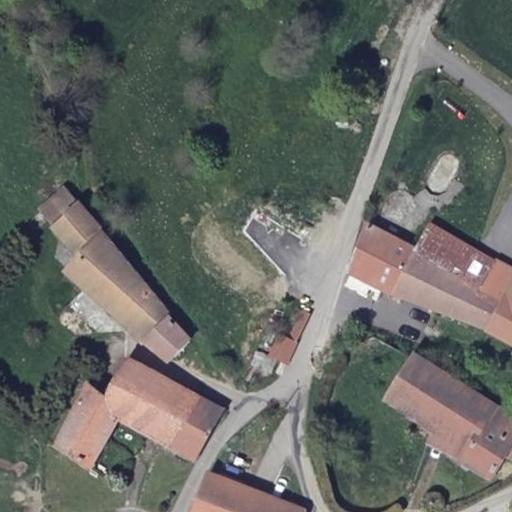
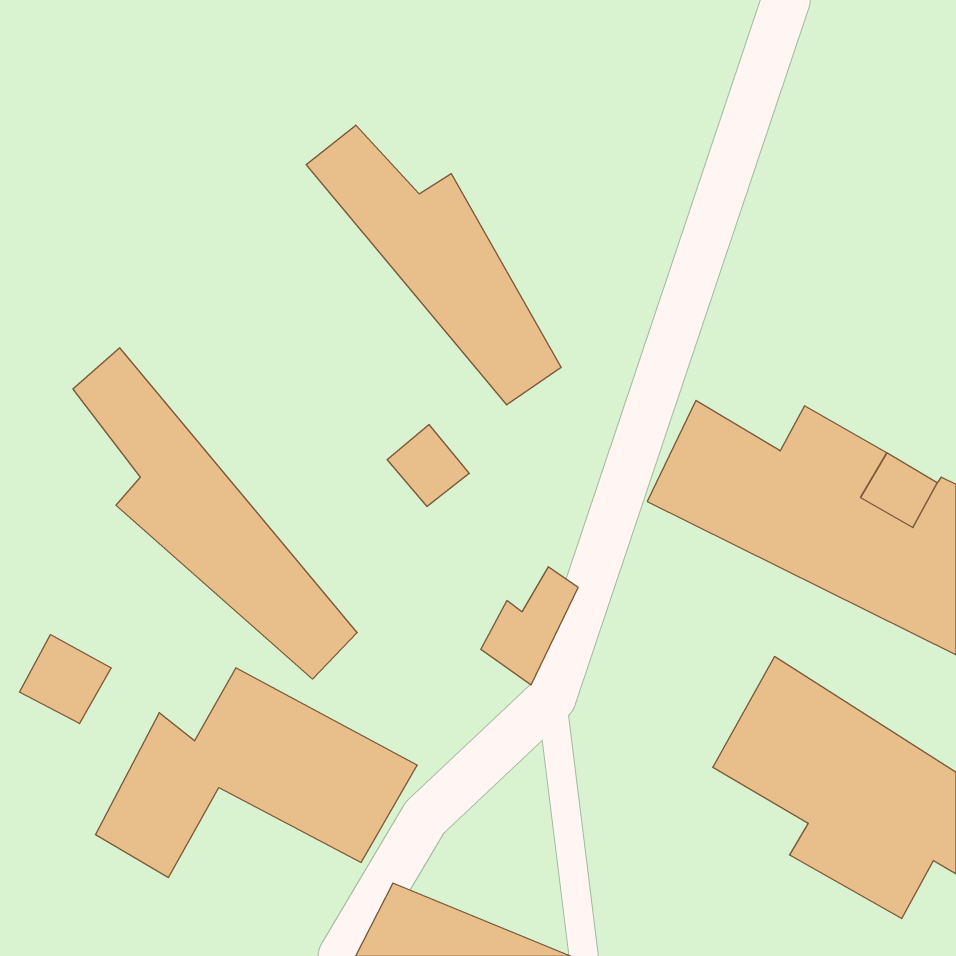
building: none -> [306,125,561,405]
building: none -> [387,425,469,507]
building: none -> [20,635,111,724]

